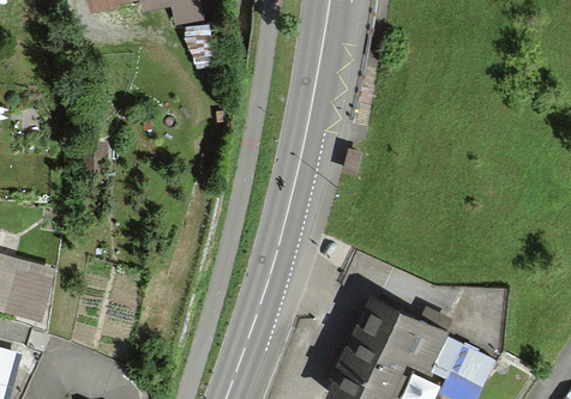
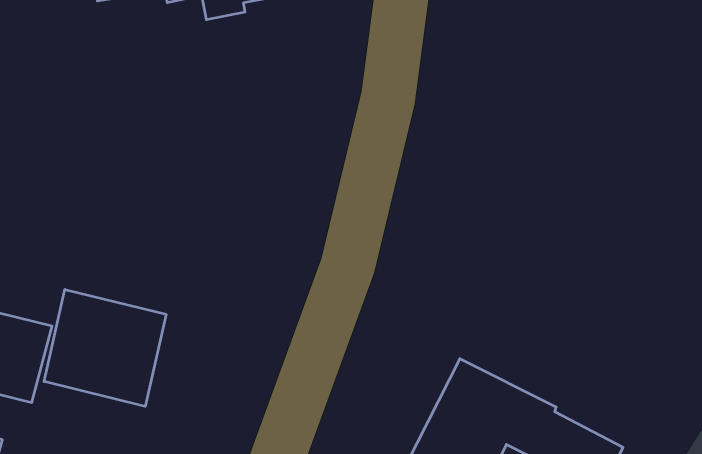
building: none -> [44,289,166,406]

